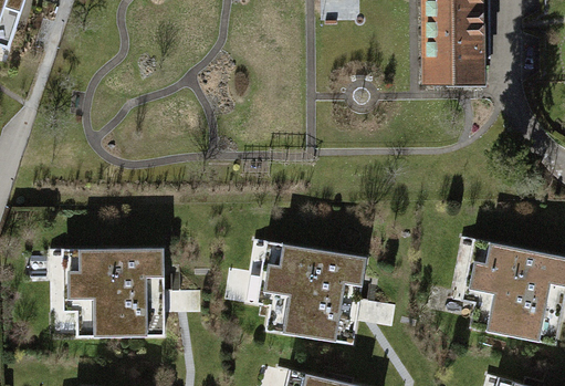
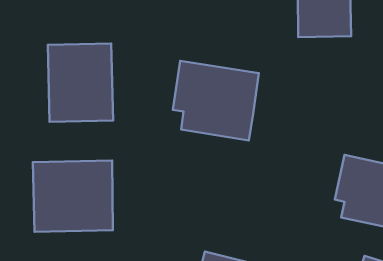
building: none -> [48,44,113,122]
building: [259,241,374,347] -> [173,61,259,140]

